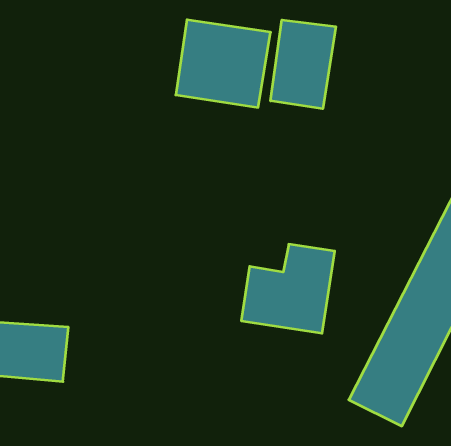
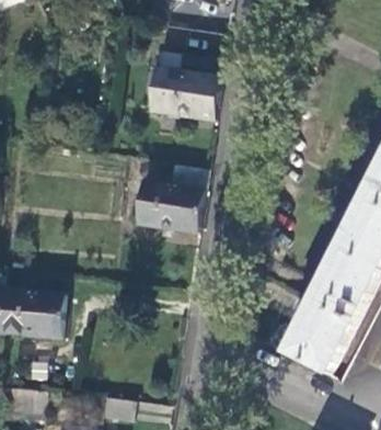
building: [271,20,336,109] -> none
building: [241,244,335,333] -> [134,165,207,235]

